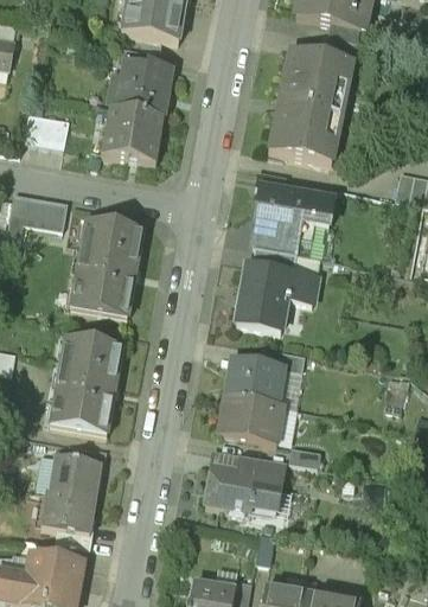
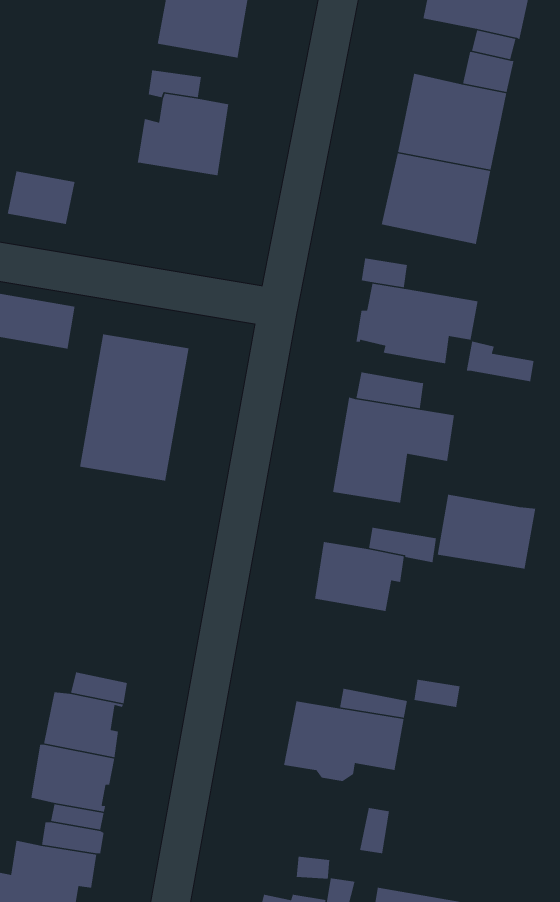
building: [102,111,161,167] -> none
building: [251,228,296,255] -> [466,341,534,382]
building: [50,339,122,439] -> none
building: [217,397,282,447] -> [437,494,536,570]

